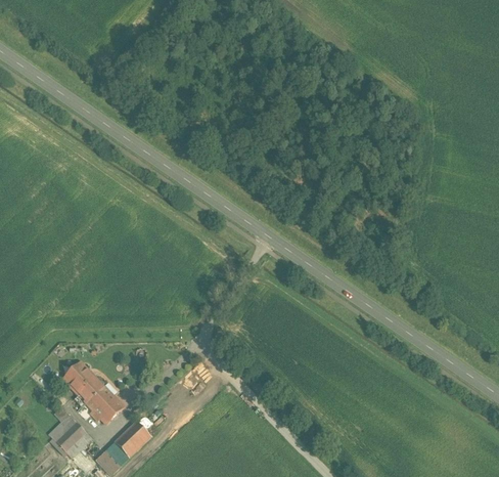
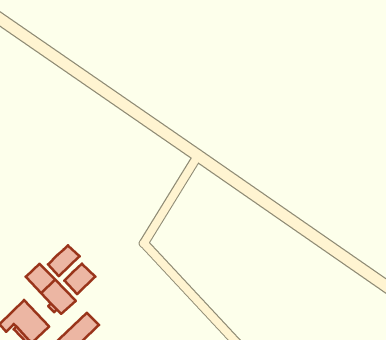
building: none -> [48,245,80,276]
building: none -> [64,264,95,294]

